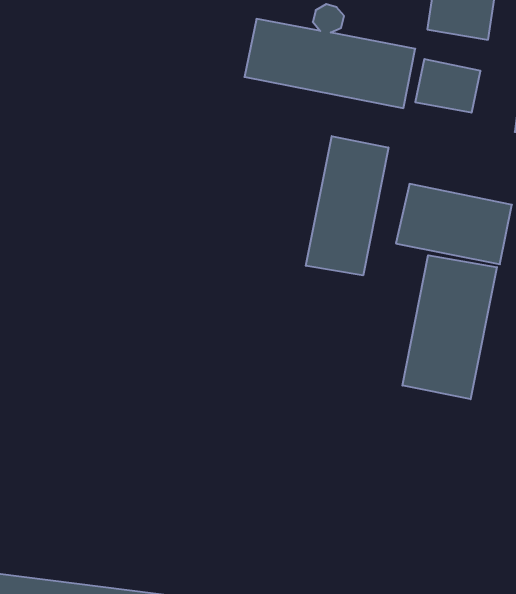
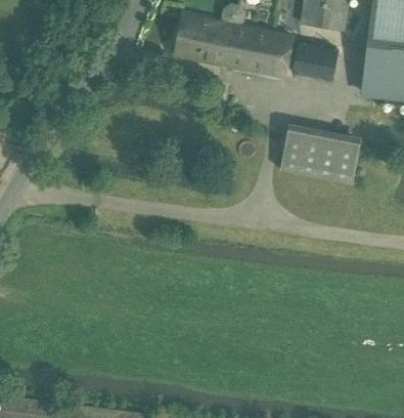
building: [306,136,388,275] -> none
building: [402,255,497,399] -> none

